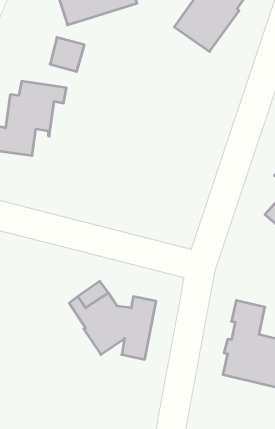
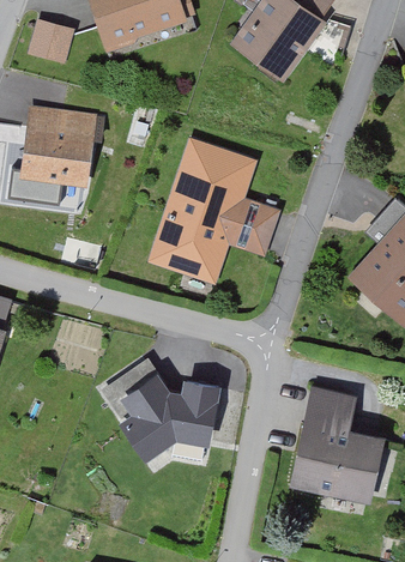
building: [50,37,84,72] -> [30,19,73,62]
building: none -> [155,140,278,273]

